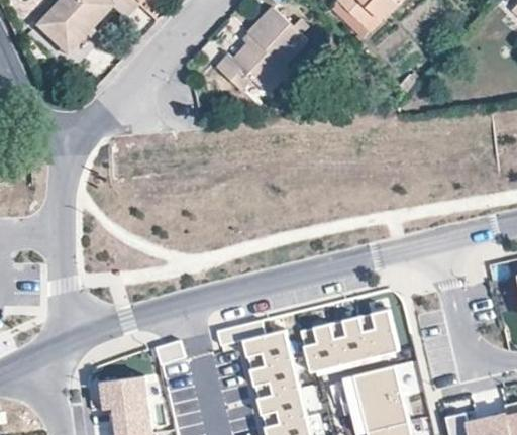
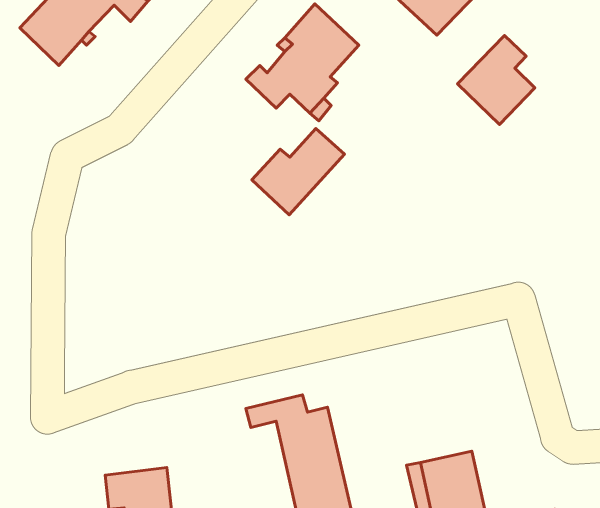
building: none -> [457,36,535,125]
building: none -> [252,129,345,215]
building: [297,310,395,371] -> none

